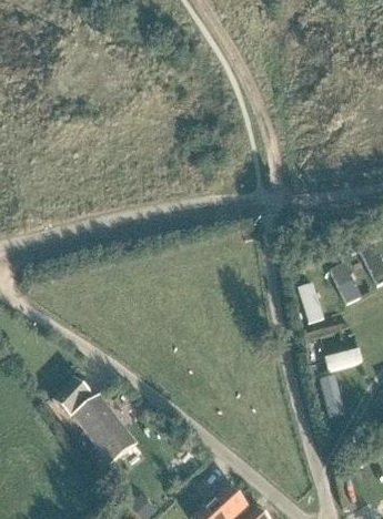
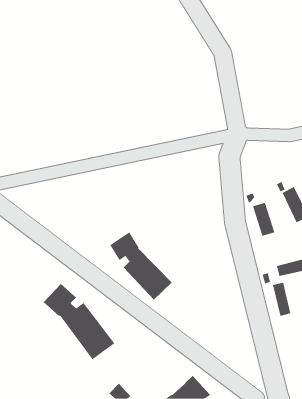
building: none -> [109,231,173,300]

